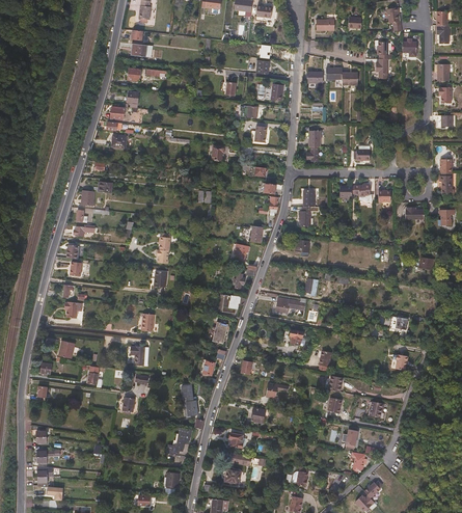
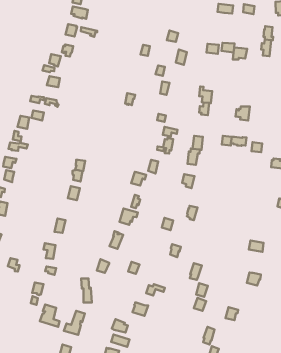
building: none -> [40,304,60,327]

